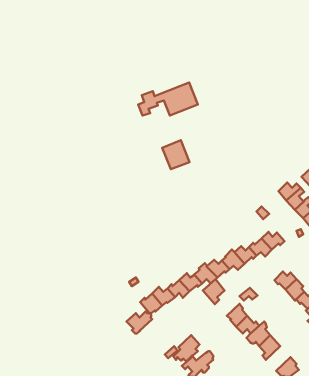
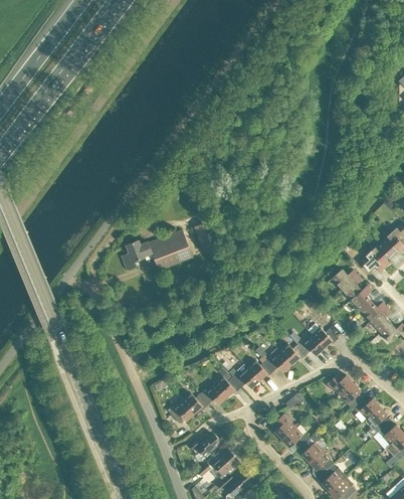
building: [138,83,198,116] -> [123,229,193,269]
building: [203,279,224,304] -> none
building: [127,311,152,333] -> [190,434,220,460]
building: none -> [318,462,347,491]

